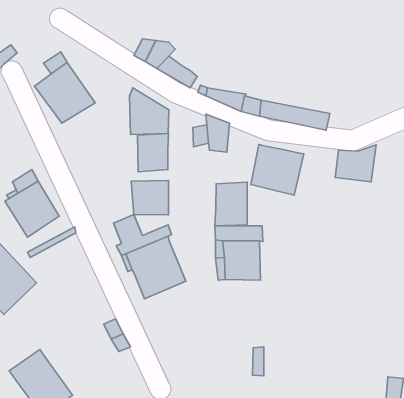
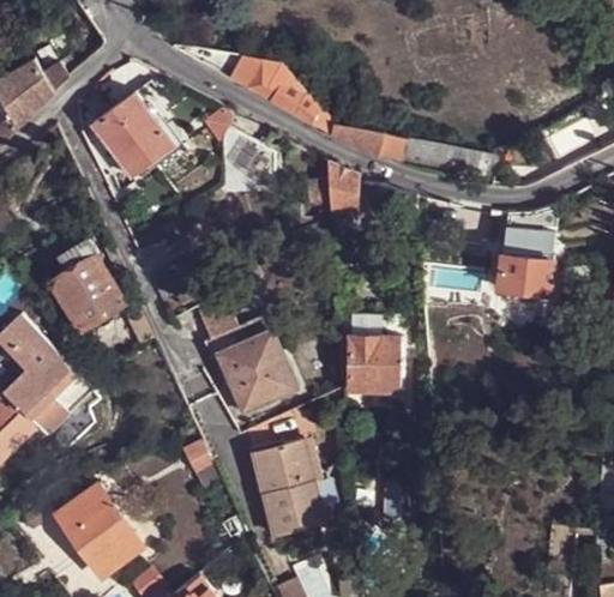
building: [137,134,169,172] -> none
building: [251,144,304,195] -> none
building: none -> [496,248,553,294]
building: [131,180,169,215] -> none
building: [215,182,247,226] -> none
building: none -> [252,442,324,537]

